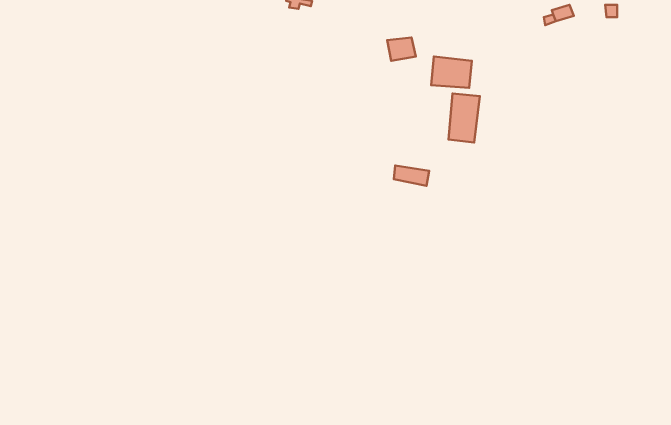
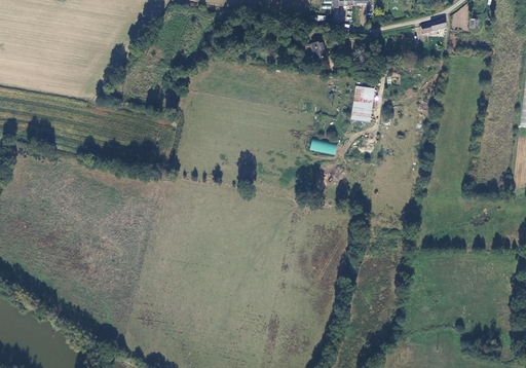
building: [431,56,472,88] -> none

